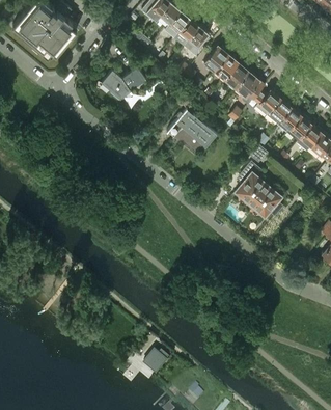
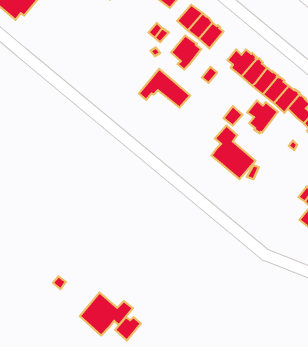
building: [101,67,145,99] -> none
building: [235,72,264,105] -> [171,35,201,70]
building: none -> [247,101,278,133]
building: none -> [80,293,133,335]

